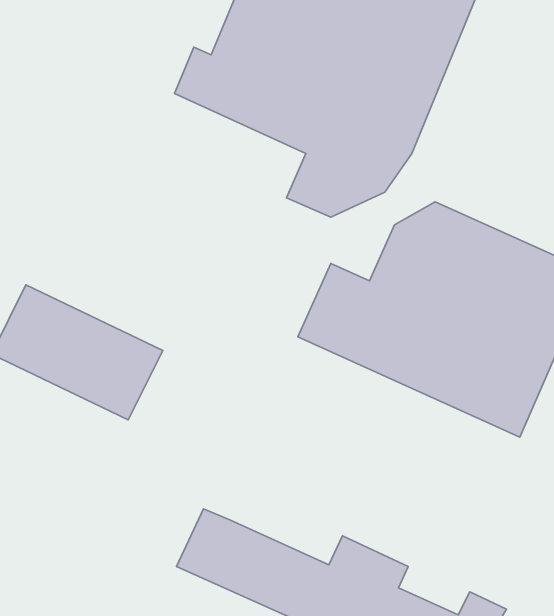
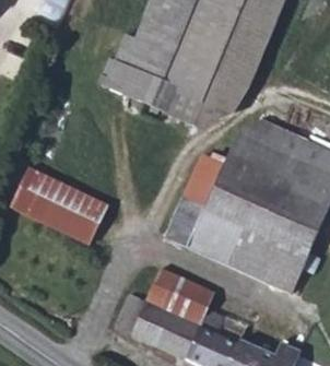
building: none -> [104,59,188,118]
building: none -> [165,197,309,294]
building: none -> [145,268,215,326]

